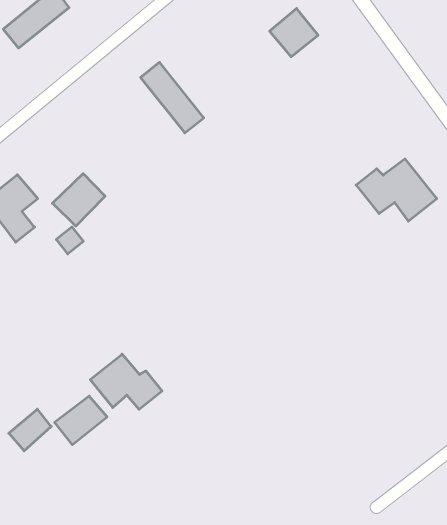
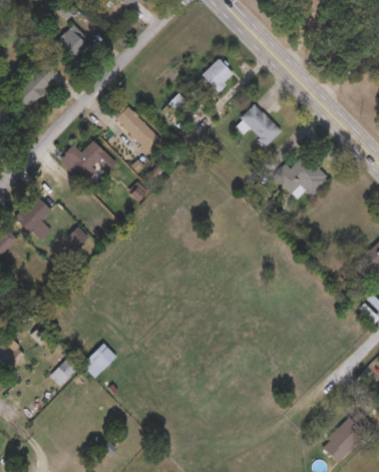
building: none -> [239,104,281,145]
building: [52,174,105,226] -> [72,139,108,176]
building: [90,354,162,409] -> none

